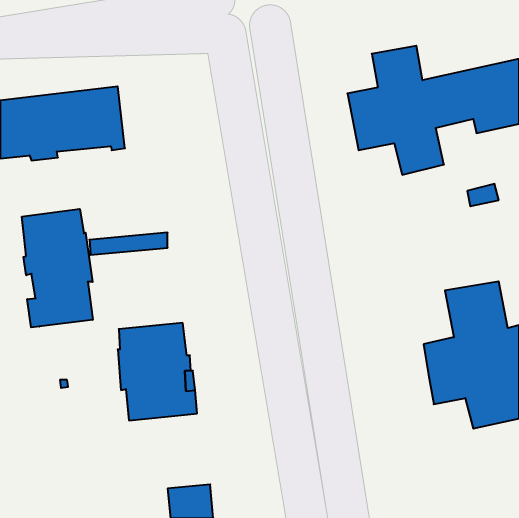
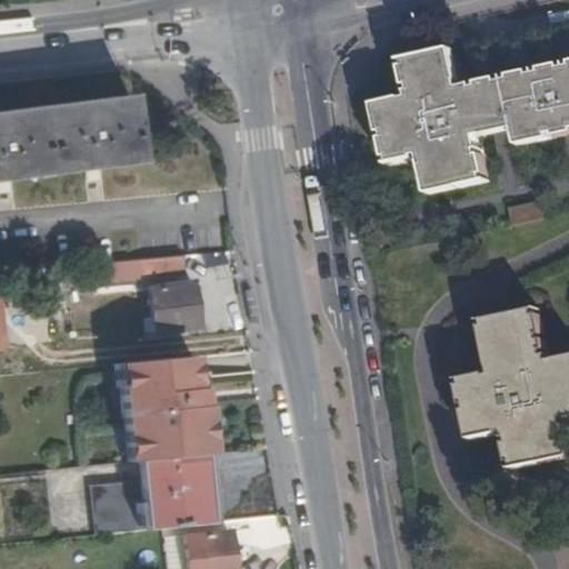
building: [22,209,93,327] -> none
building: none -> [148,281,198,331]
building: none -> [91,453,218,532]

